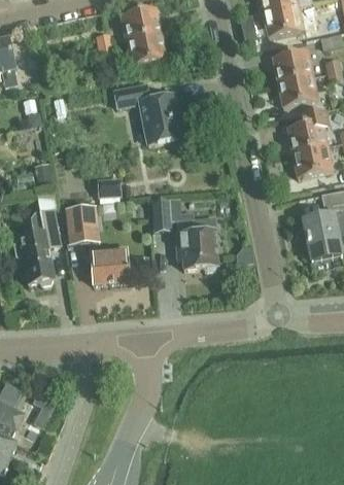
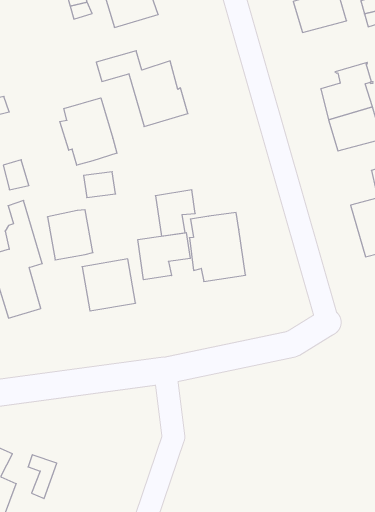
building: [277,74,317,106] -> none
building: none -> [60,98,117,165]
building: none -> [138,233,190,280]

